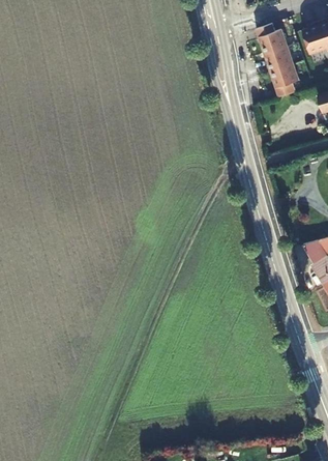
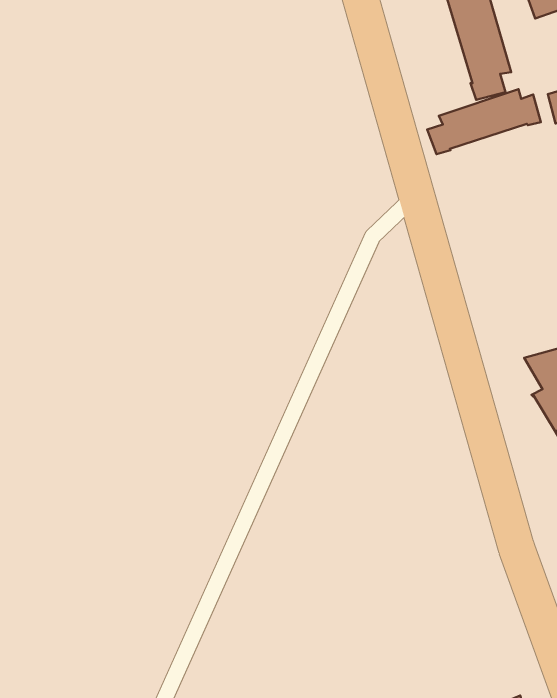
building: none -> [427,89,541,154]

